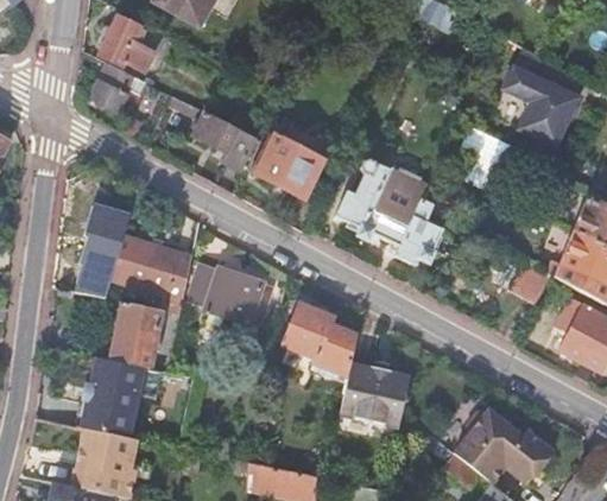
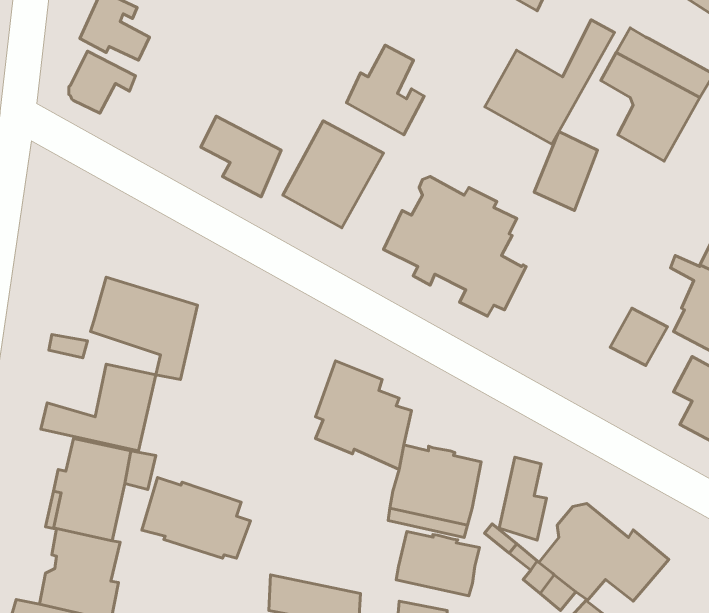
building: none -> [485,20,615,144]
building: none -> [346,45,424,135]
building: [88,213,128,269] -> none
building: [188,264,271,325] -> [142,477,251,558]
building: none -> [499,457,547,540]
building: none -> [396,532,480,596]

